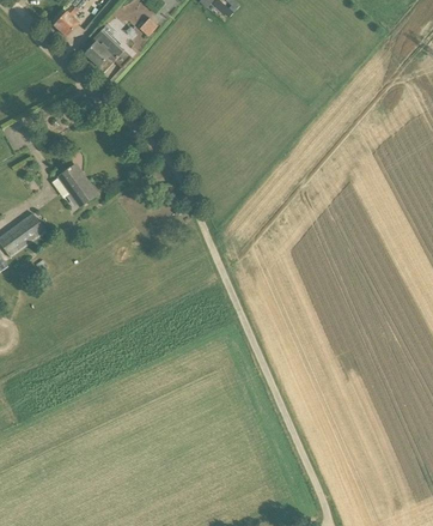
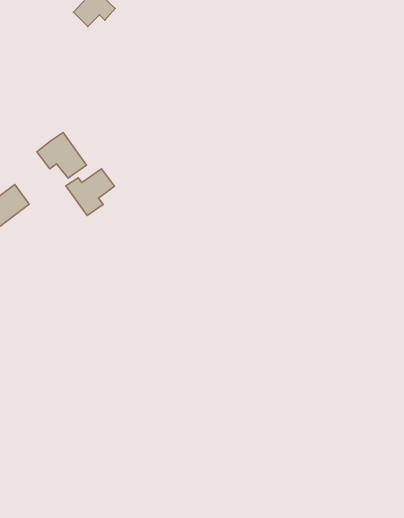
building: none -> [66,169,115,215]

